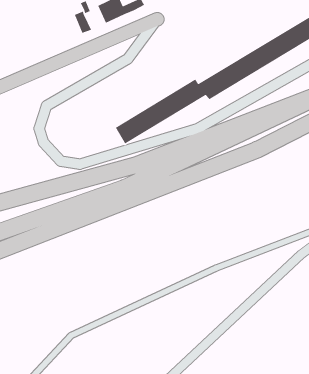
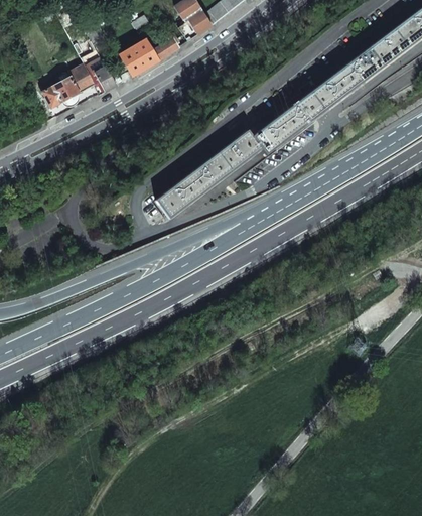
building: none -> [42,62,95,107]

